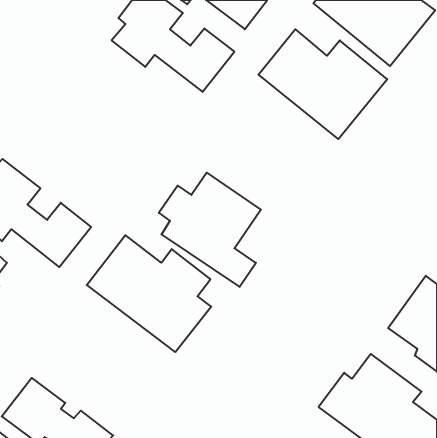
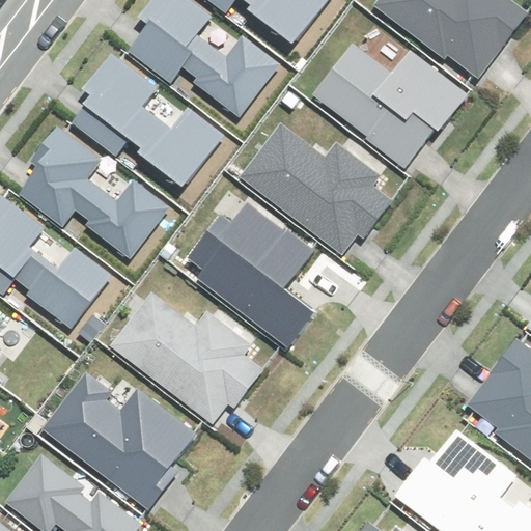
building: none -> [75,52,222,183]
building: none -> [23,125,170,256]
building: none -> [236,125,390,251]
building: none -> [40,375,196,510]

